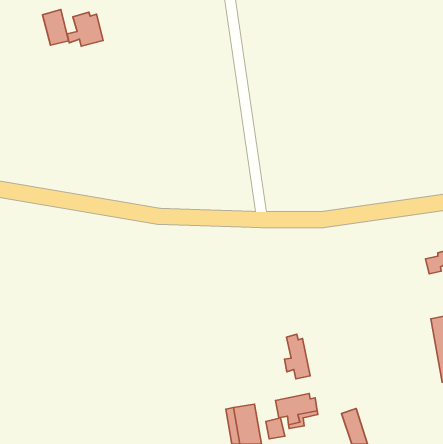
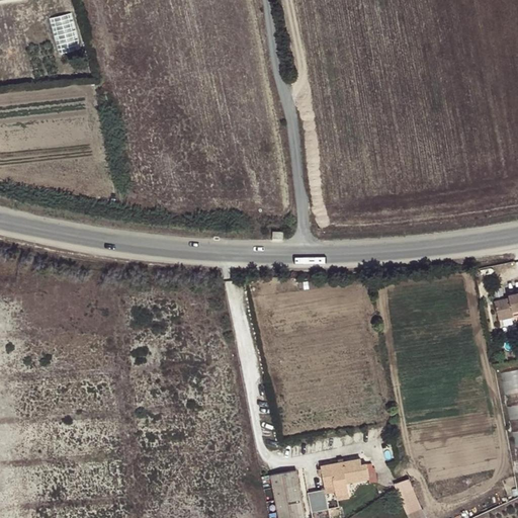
building: [67,12,103,46] -> none
building: [285,334,310,379] -> none

